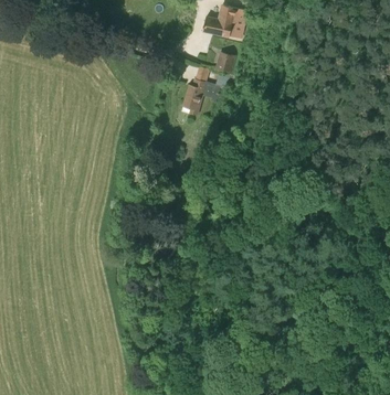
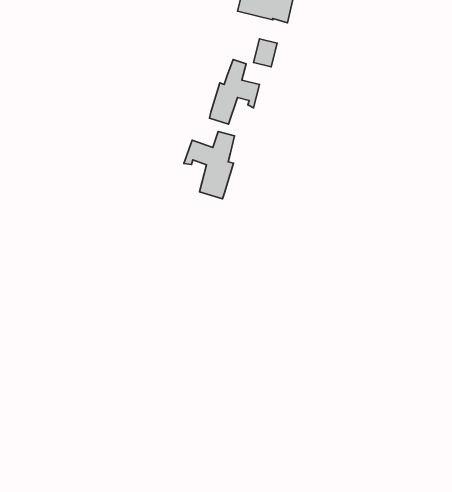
building: none -> [184,131,234,199]

